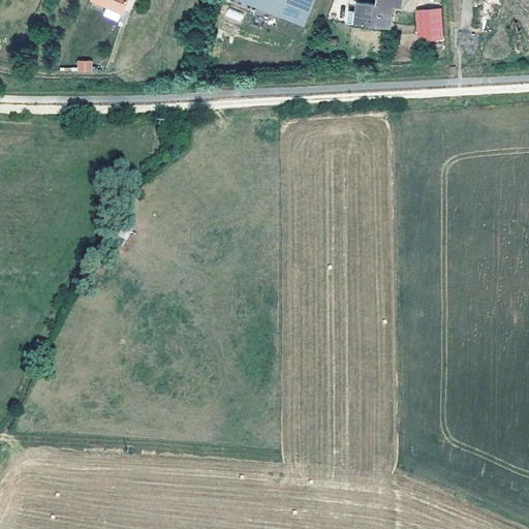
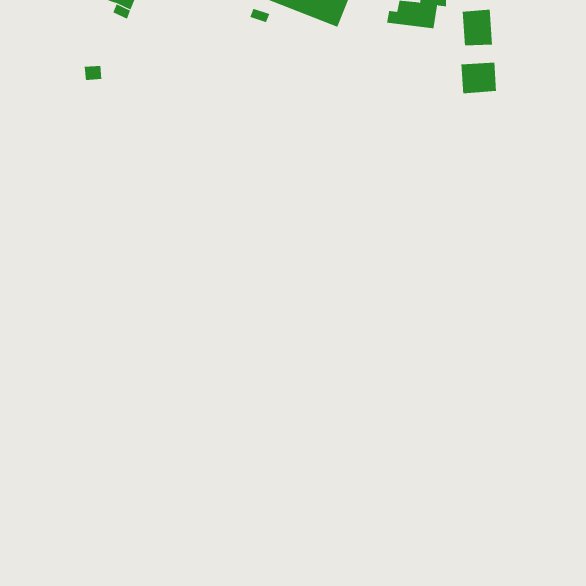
building: none -> [461,62,497,94]

